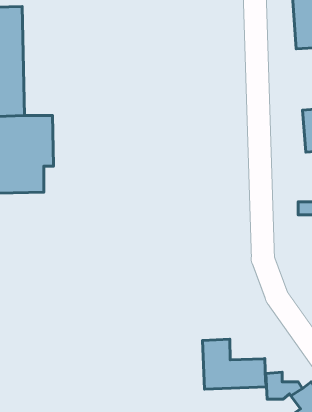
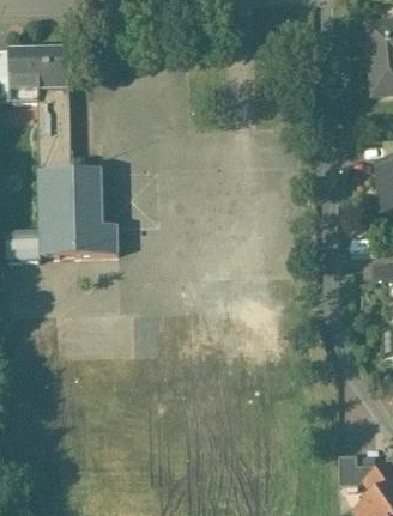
building: none -> [90,223,116,253]
building: [203,339,266,389] -> none

